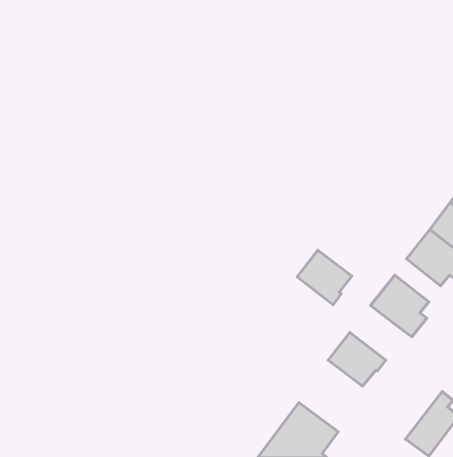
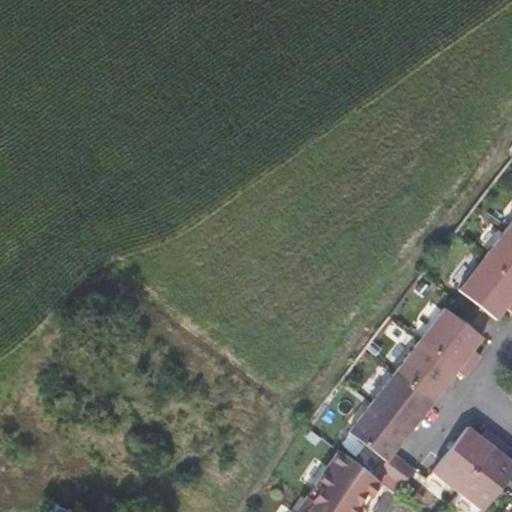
building: [297,250,352,305] -> [396,342,457,403]
building: none -> [349,403,416,494]
building: none -> [433,427,499,491]

